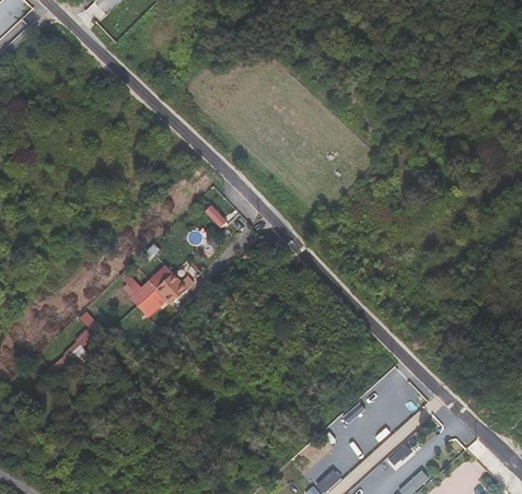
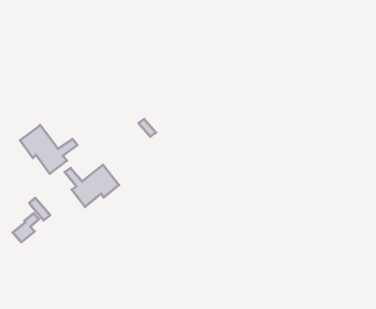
building: none -> [20,125,77,174]

